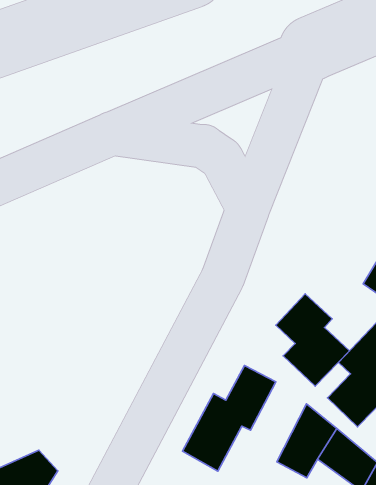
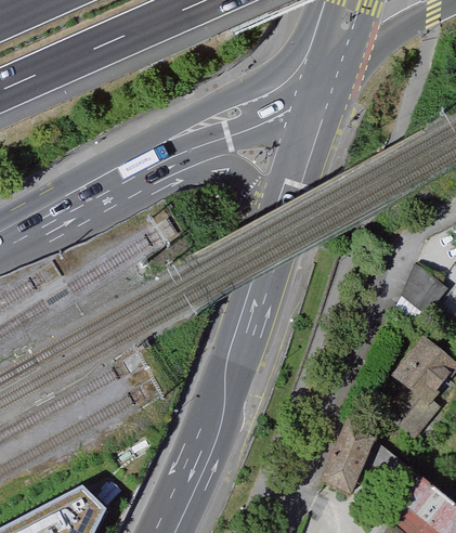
building: [276,294,350,386] -> none
building: [182,365,276,471] -> none

